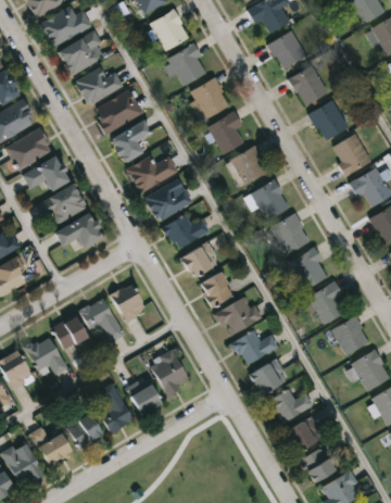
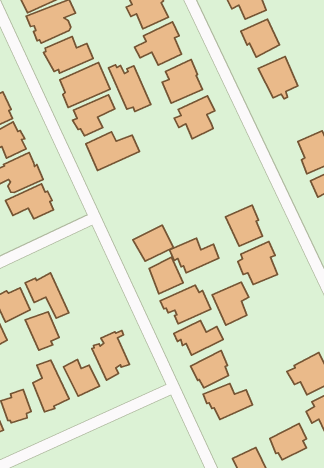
building: none -> [109,65,151,112]
building: [307,99,349,140] -> none
building: [236,146,266,184] -> none
building: [249,179,288,221] -> none
building: [146,183,194,221] -> none
building: [162,214,211,249] -> [170,238,219,273]
building: [306,281,342,325] -> [212,282,249,325]
building: [111,285,146,323] -> [25,312,59,350]
building: [331,316,367,355] -> none
building: [285,416,321,453] -> [270,424,307,460]

